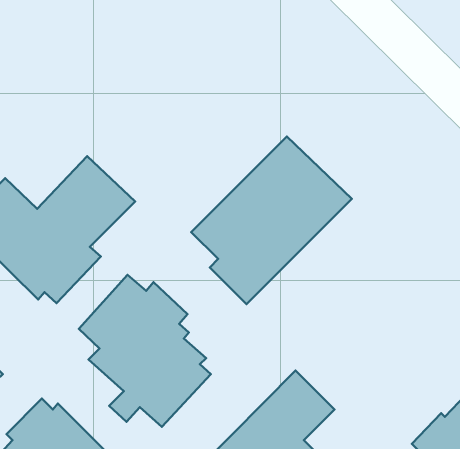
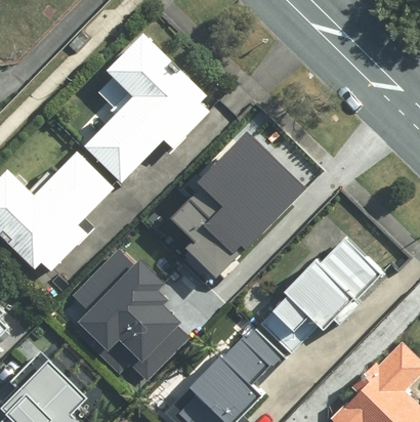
building: none -> [84,32,210,183]
building: none -> [250,237,382,361]

